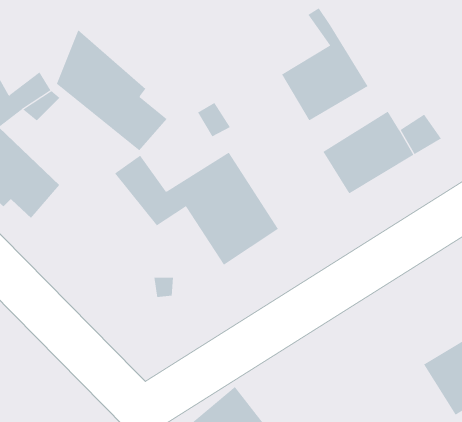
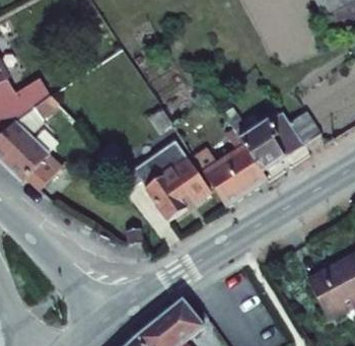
building: [281,7,369,121] -> [205,127,266,206]
building: [56,29,167,151] -> none

